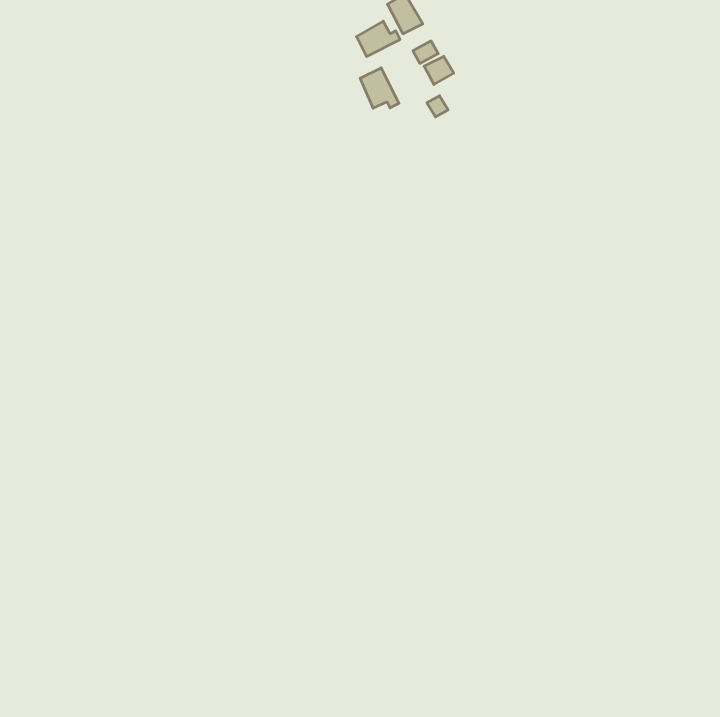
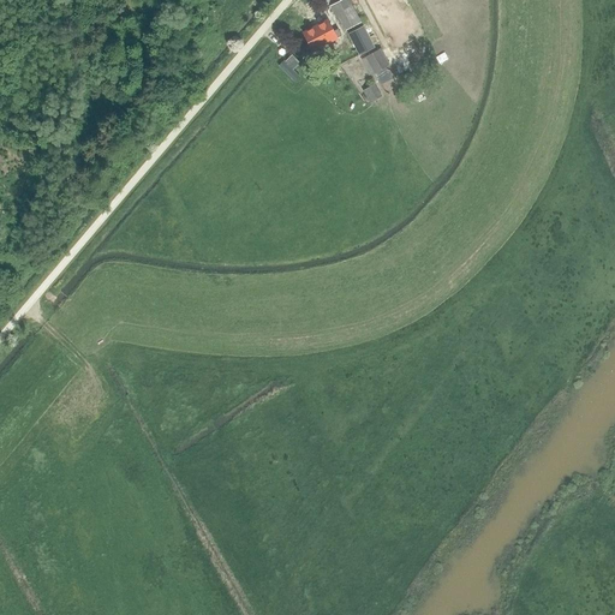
building: [360,68,399,108] -> none

